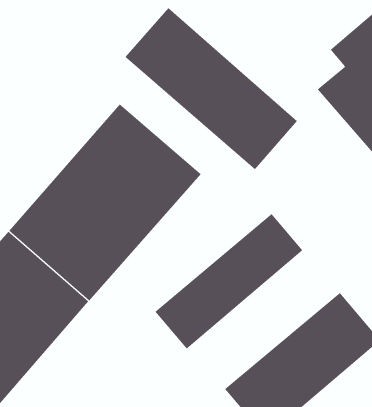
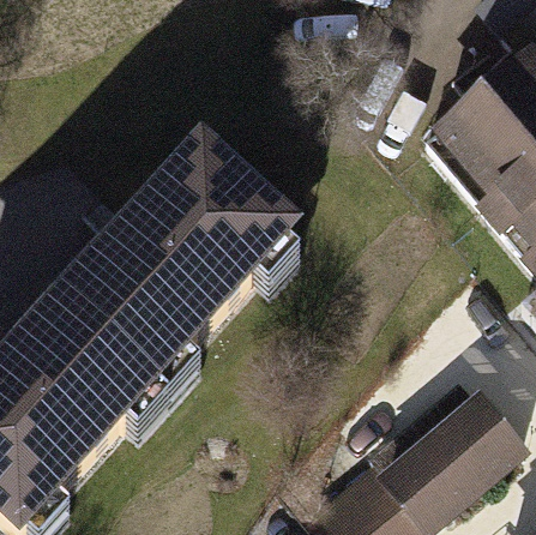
building: [124,7,298,170] -> none
building: [155,213,303,350] -> none

